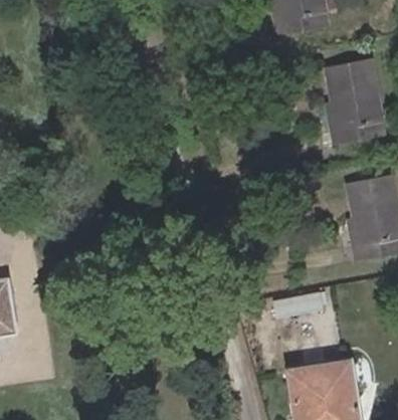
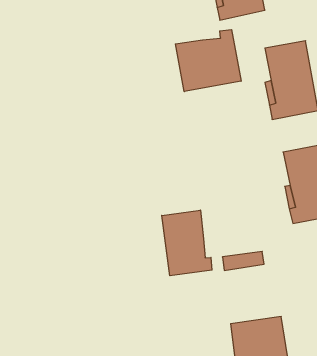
building: none -> [175,30,241,92]
building: none -> [162,210,212,276]

